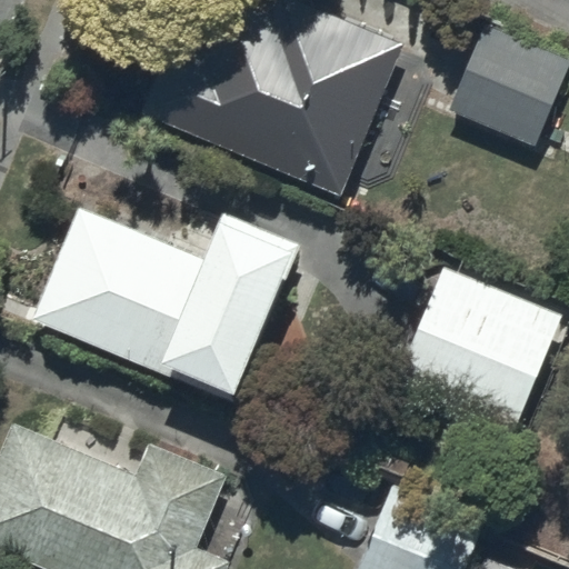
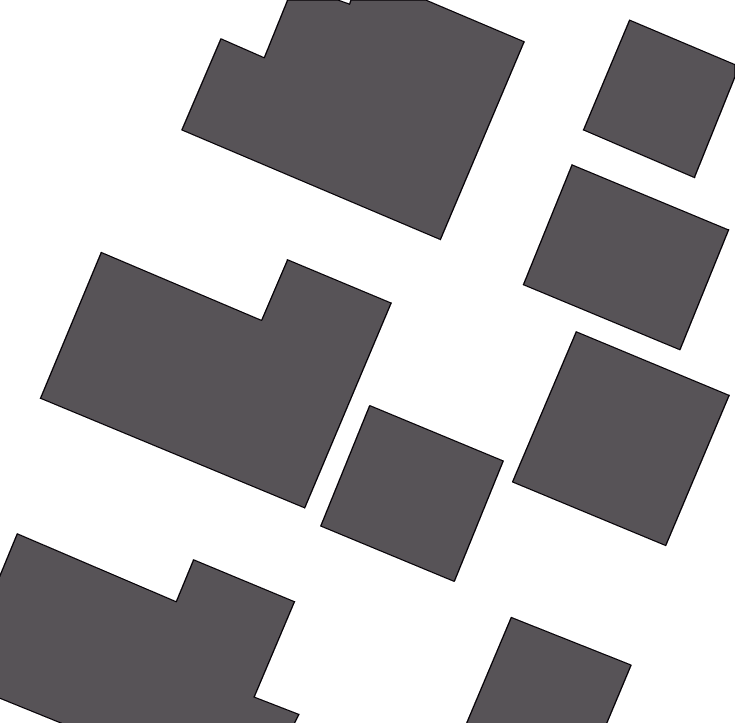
building: none -> [523,165,729,350]
building: none -> [321,406,503,581]

